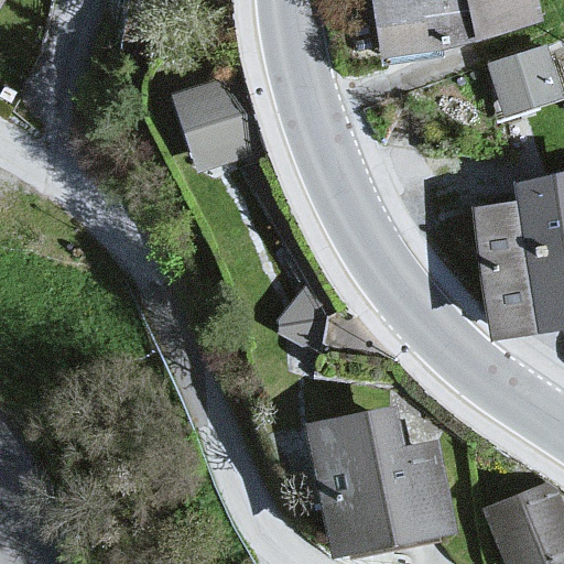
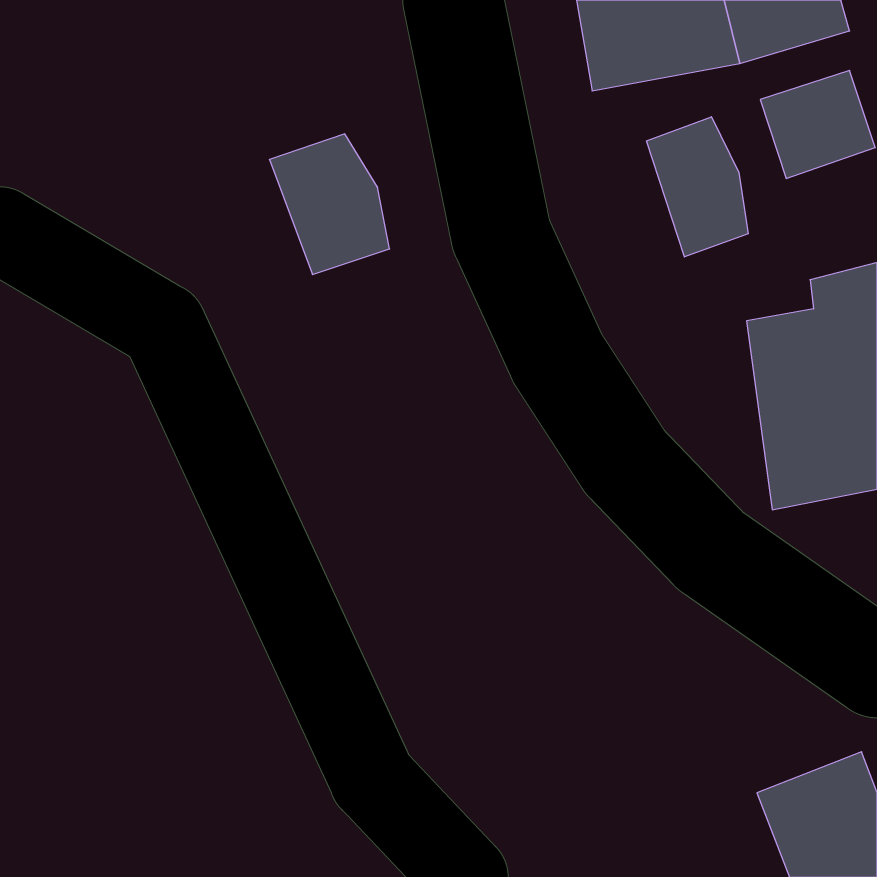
building: none -> [647,117,748,257]
building: [308,408,454,554] -> none

